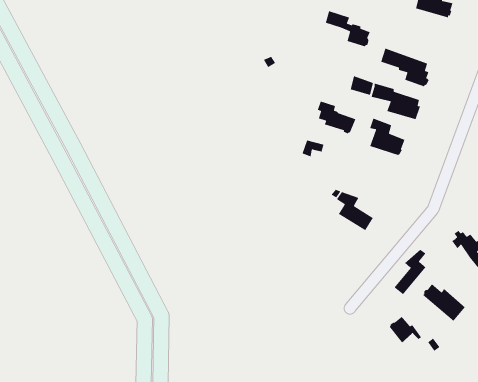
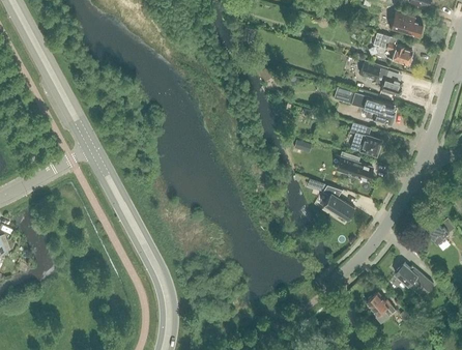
building: [325,10,371,47] -> [373,33,412,65]
building: [317,101,356,134] -> [339,152,373,181]
building: [394,249,427,295] -> none

